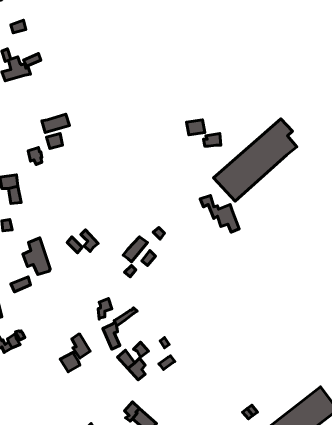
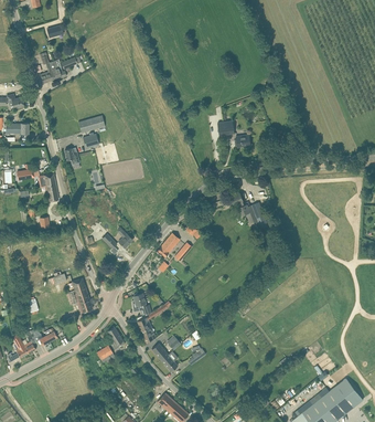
building: [214,119,297,201] -> none
building: [23,238,50,275] -> [66,277,93,313]

